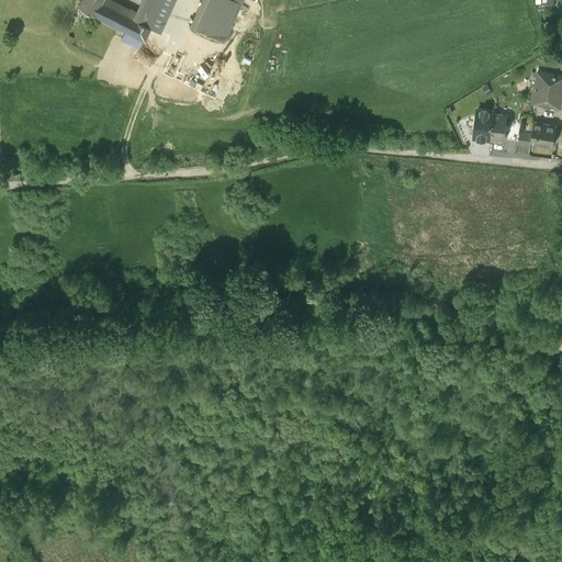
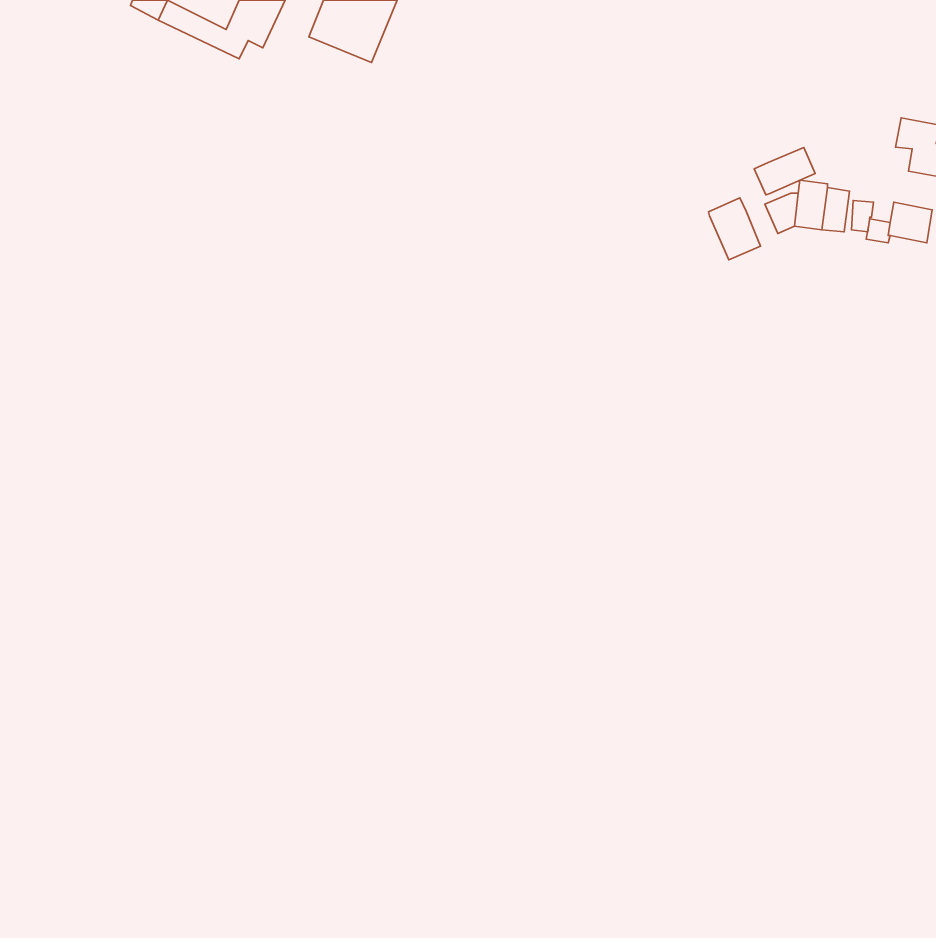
building: none -> [754,148,815,195]
building: none -> [708,198,760,260]

